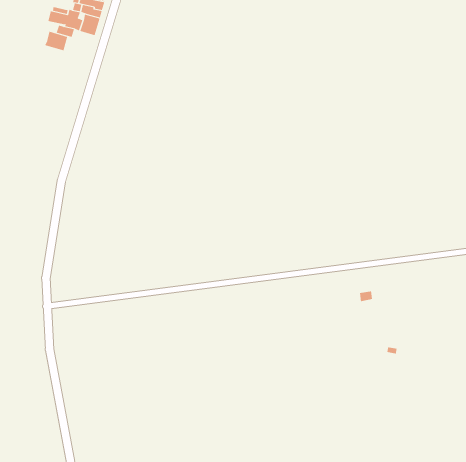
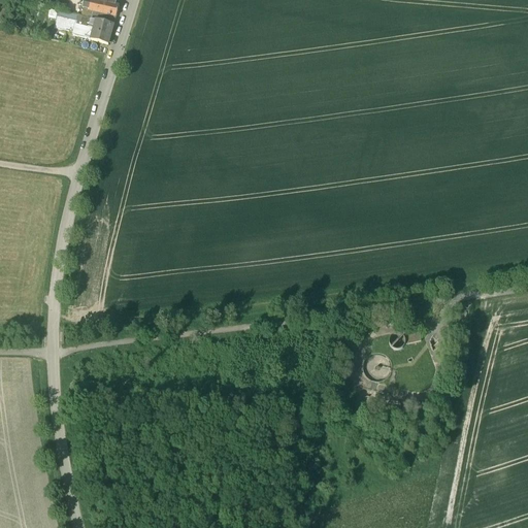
building: [45,31,68,51] -> none

